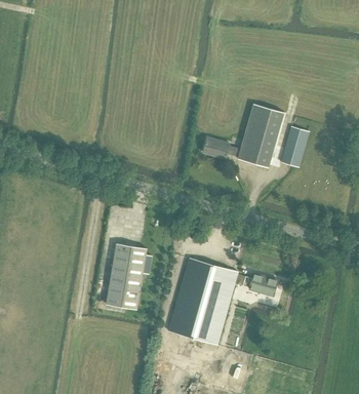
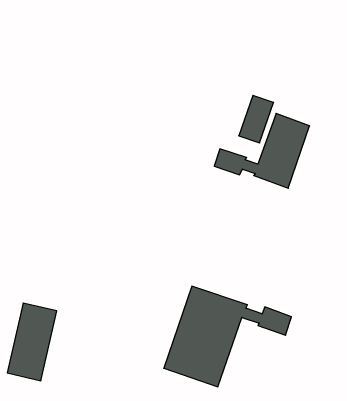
building: [280,126,309,167] -> [239,95,274,143]
building: [106,243,146,310] -> [7,303,57,381]

